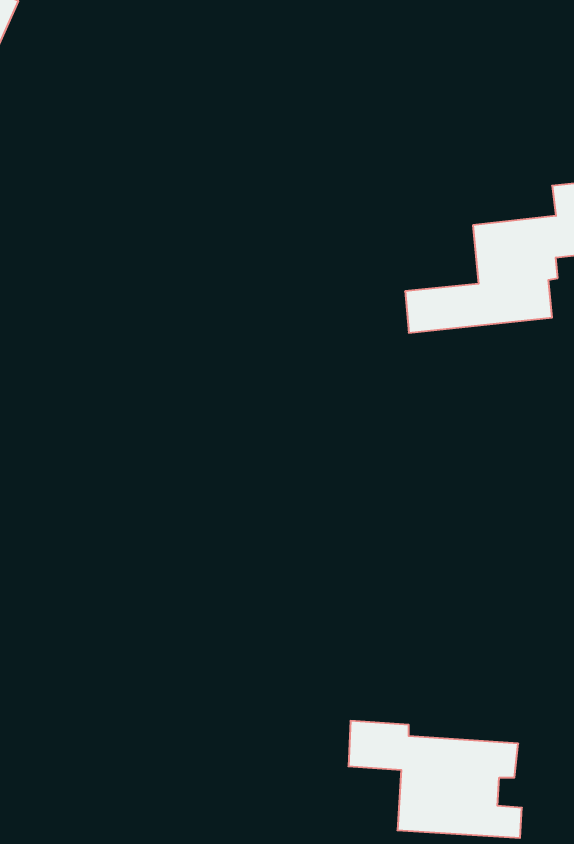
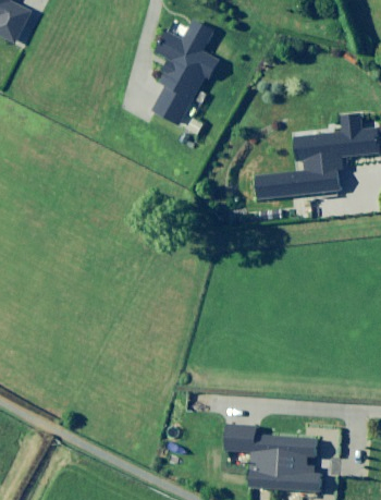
building: none -> [151,20,219,123]

